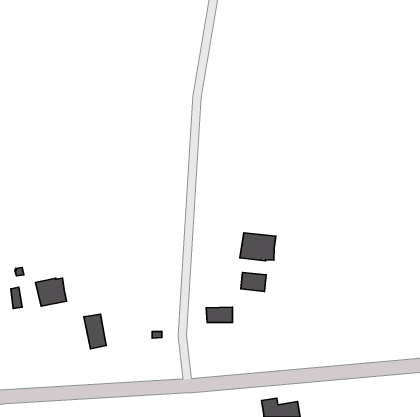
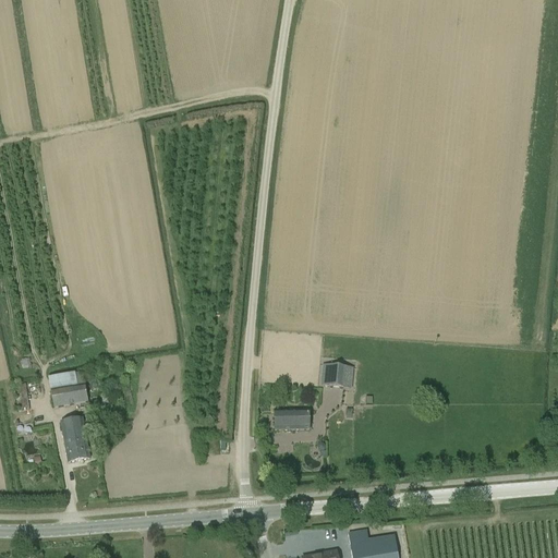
building: [240,233,276,261] -> none
building: [84,314,106,349] -> [60,416,89,462]

